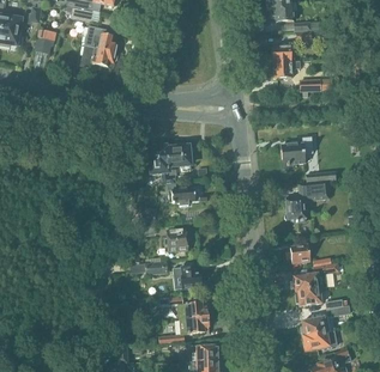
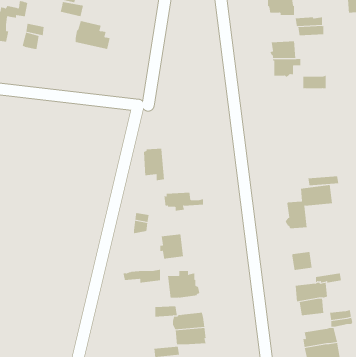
building: [83,45,117,69] -> none
building: [281,138,313,169] -> none
building: [159,146,193,183] -> none

